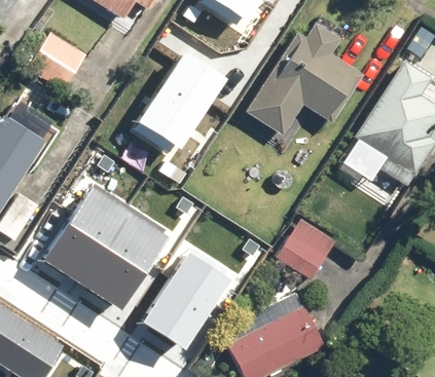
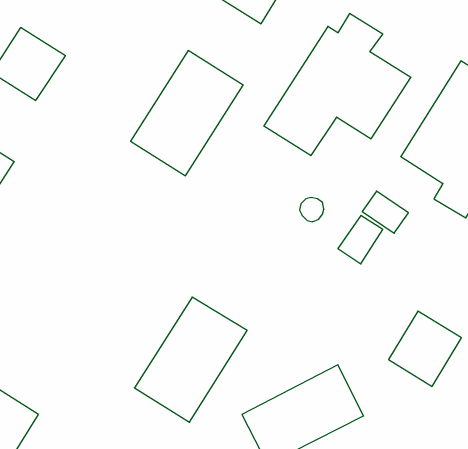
building: [47,184,171,307] -> none
building: [276,219,334,279] -> [389,311,461,386]

